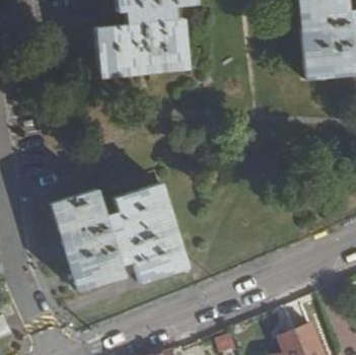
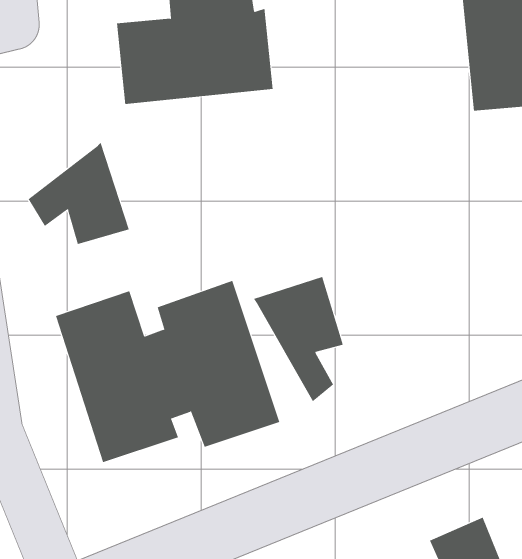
building: none -> [28,142,129,245]
building: none -> [253,276,343,402]

